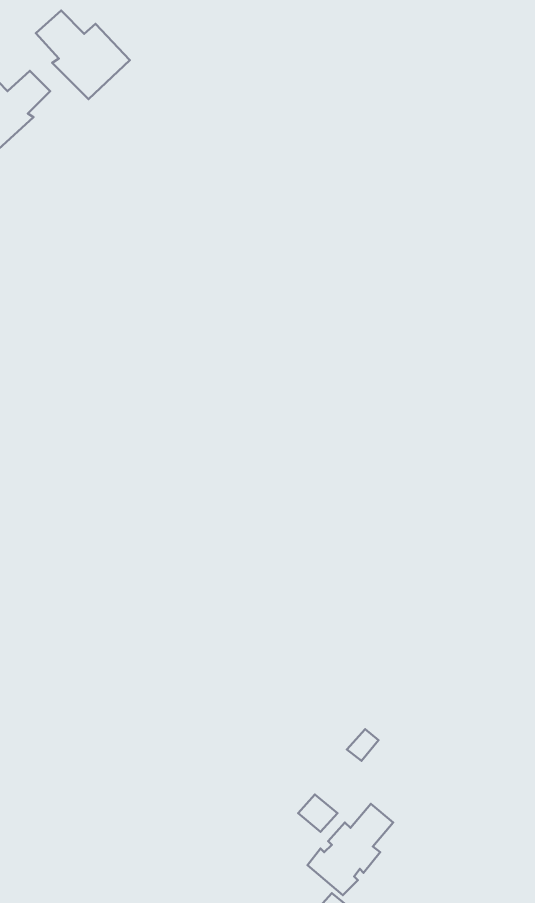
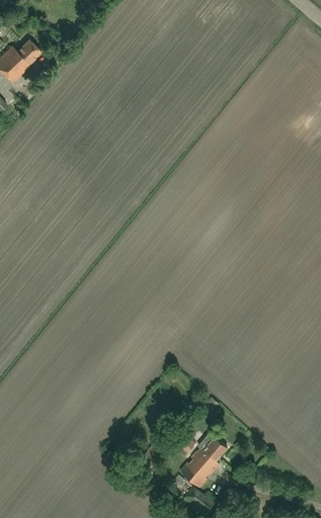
building: [36,10,130,99] -> none

